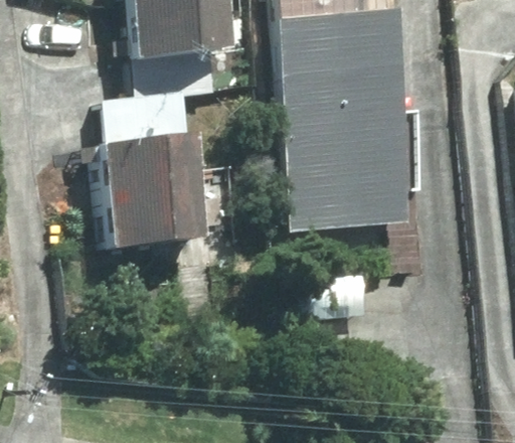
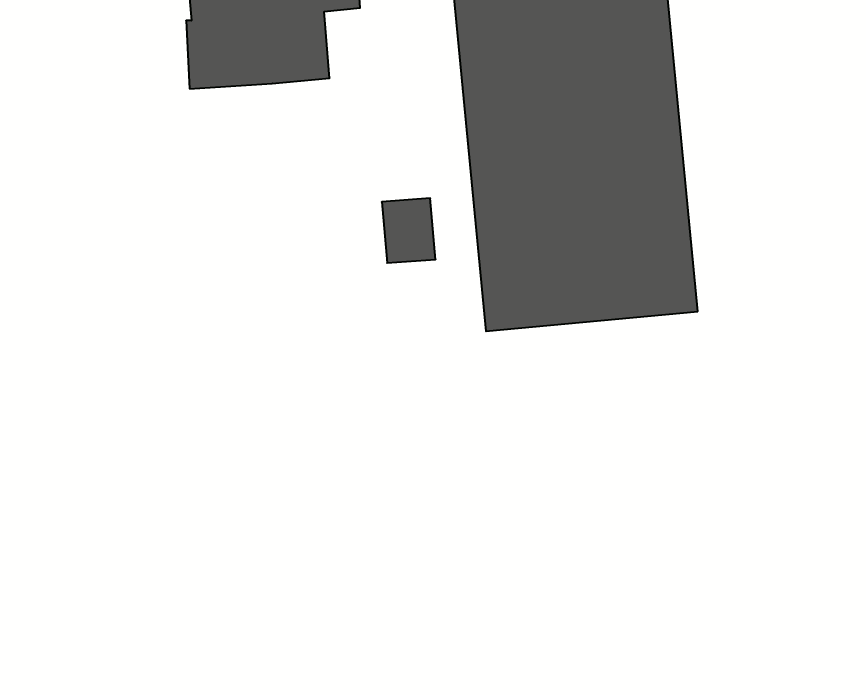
building: [99,90,203,243] -> none

